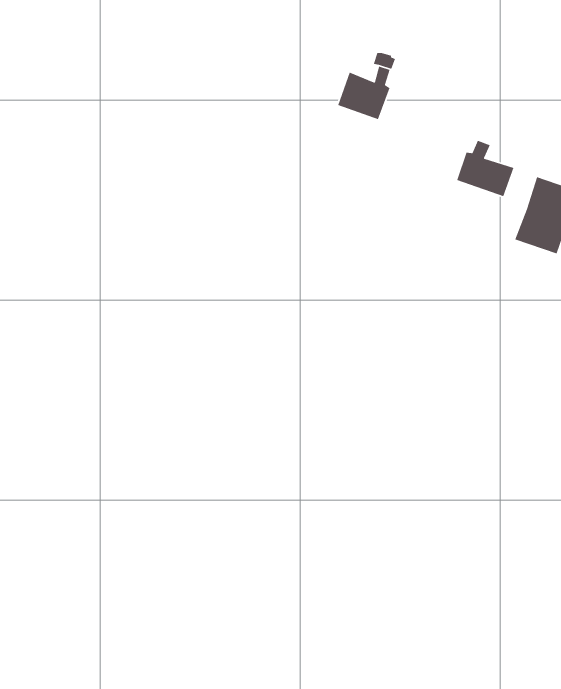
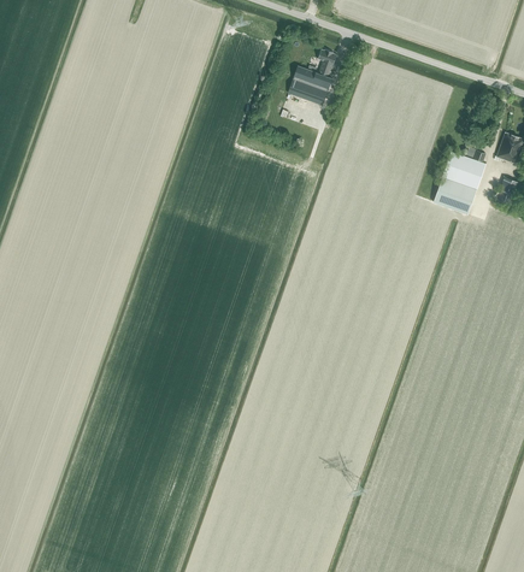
building: [456,139,515,197] -> none

